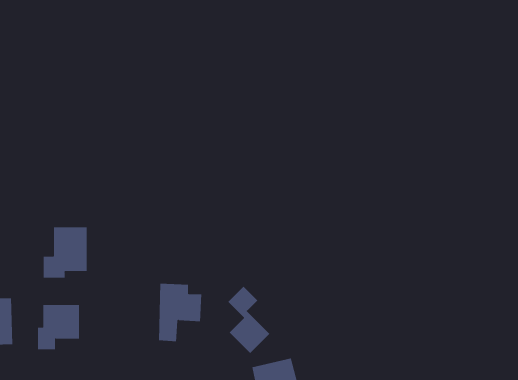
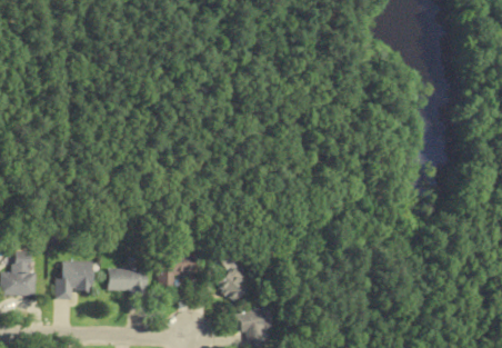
building: [43,227,87,278] -> none
building: none -> [108,269,145,291]

